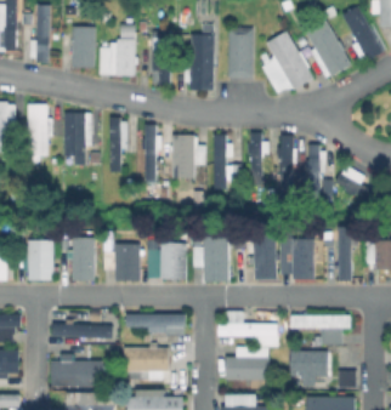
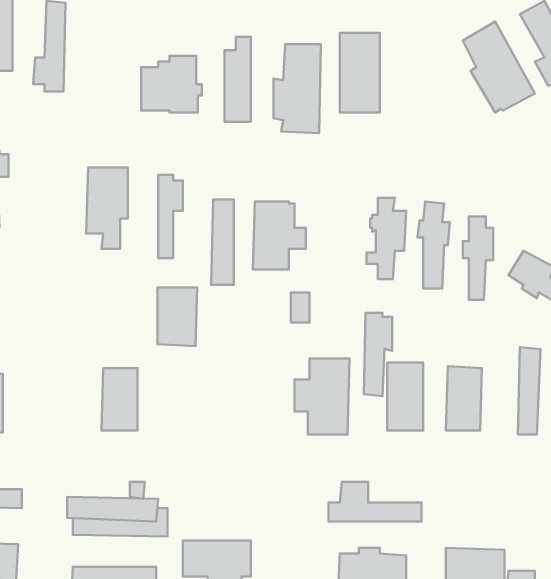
building: [72,27,94,67] -> none
building: [260,28,311,91] -> none
building: [27,102,50,158] -> none
building: [211,132,230,186] -> [364,313,392,396]
building: [30,240,56,280] -> none
building: [162,243,188,279] -> none
building: [117,244,142,281] -> [158,287,197,346]
building: [125,315,185,334] -> none
building: [290,315,350,336] -> none

